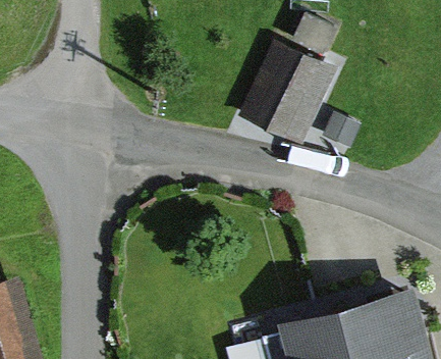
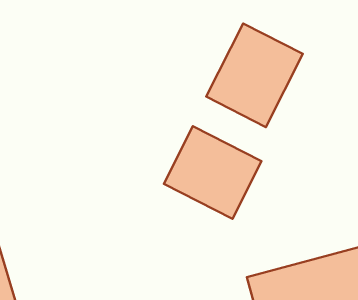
building: none -> [164,126,262,219]

